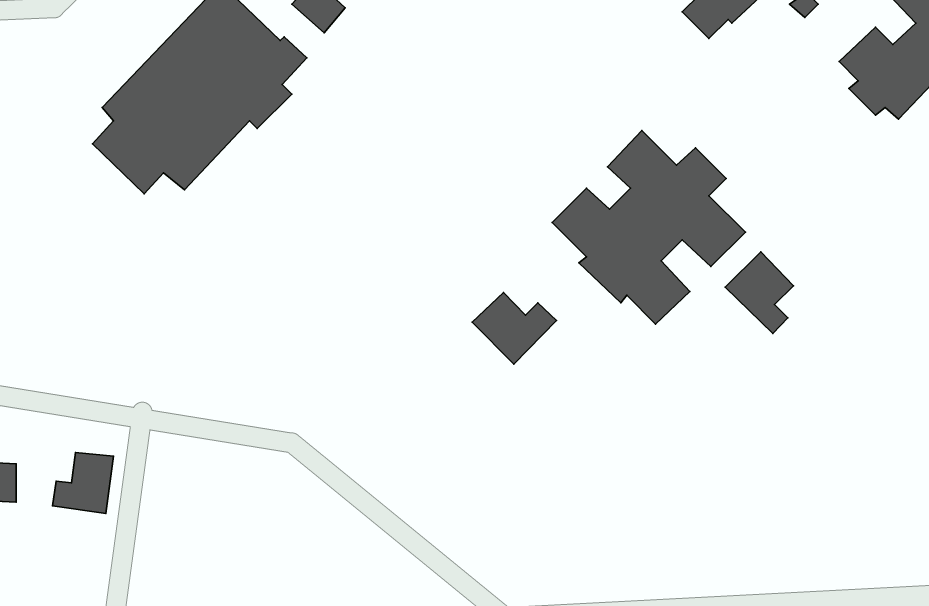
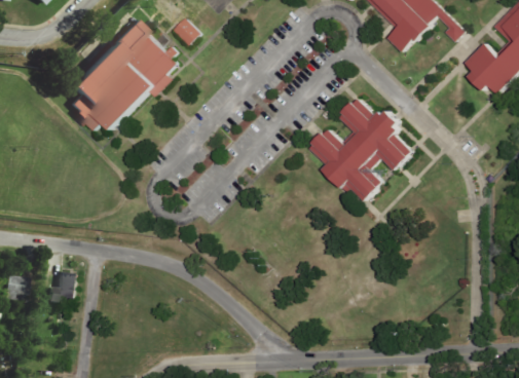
building: [725,252,794,334] -> none
building: [472,293,556,364] -> none

